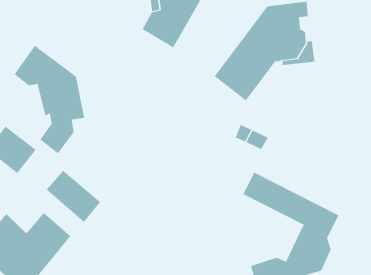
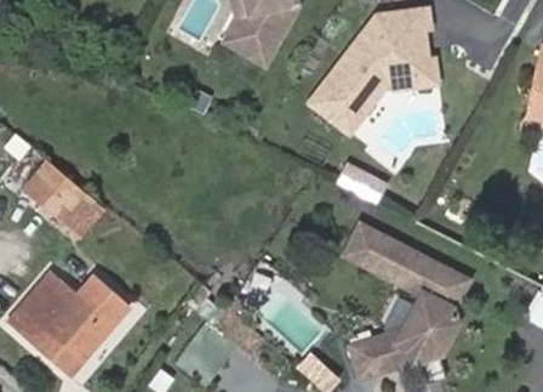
building: [14,45,85,154] -> none
building: [46,170,101,223] -> none

